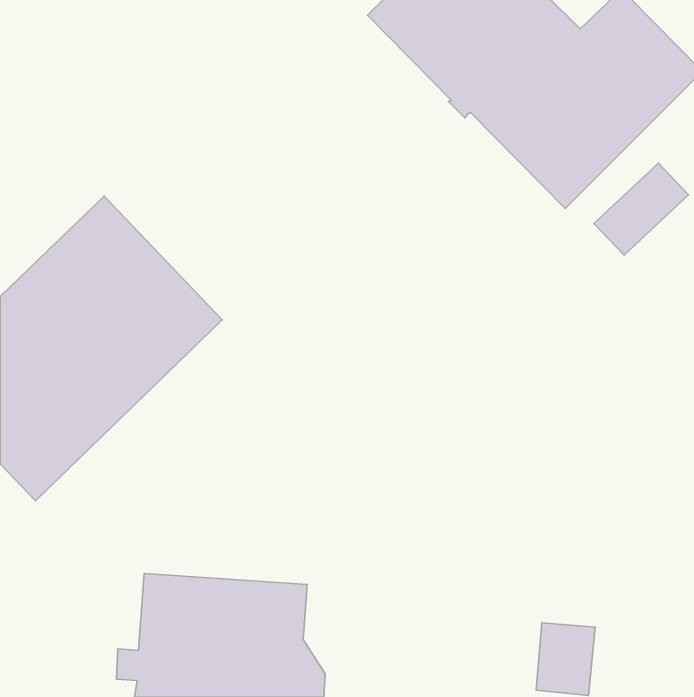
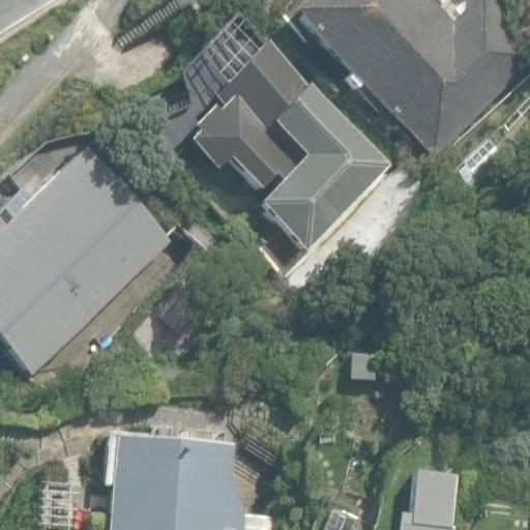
building: none -> [189,48,387,246]

